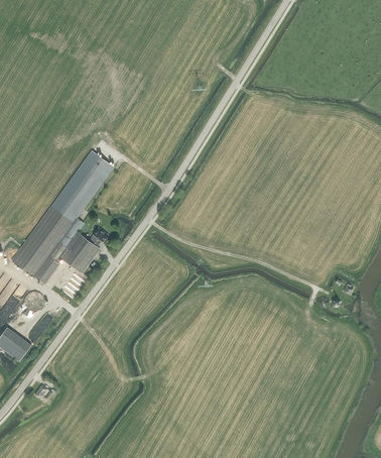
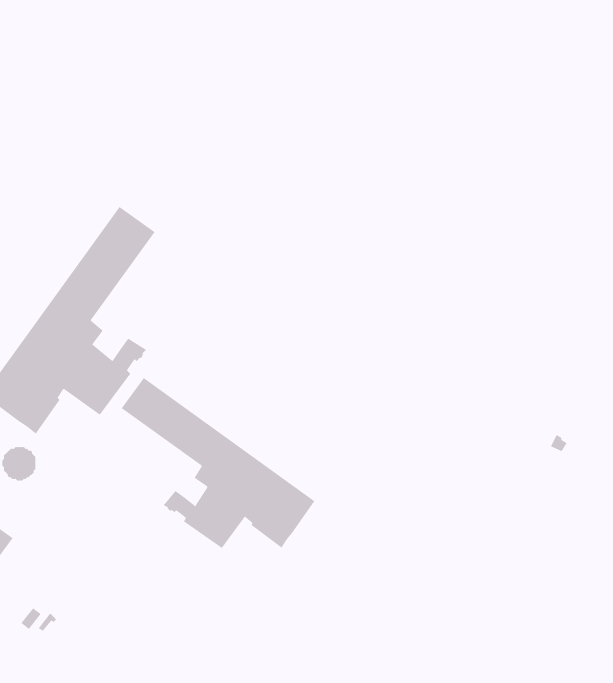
building: none -> [121,377,315,549]

